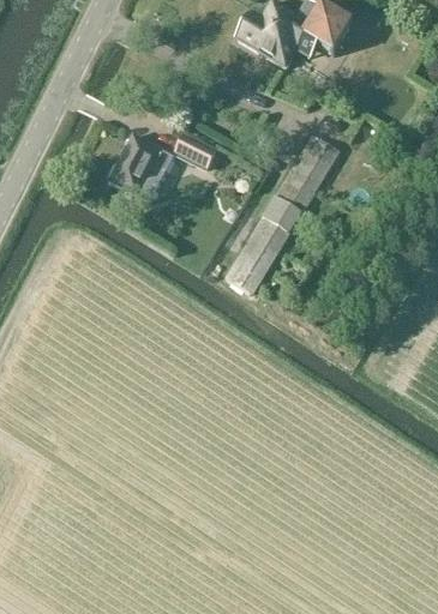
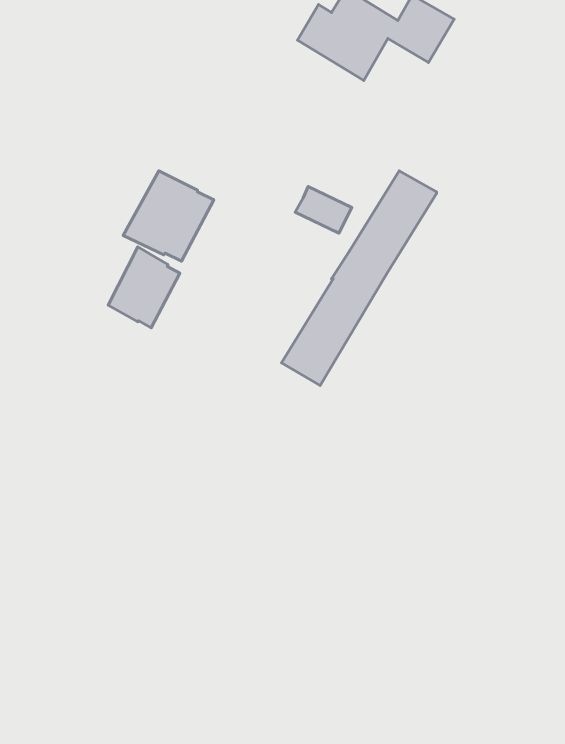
building: [175,132,217,167] -> [295,186,352,233]
building: none -> [108,247,180,328]

